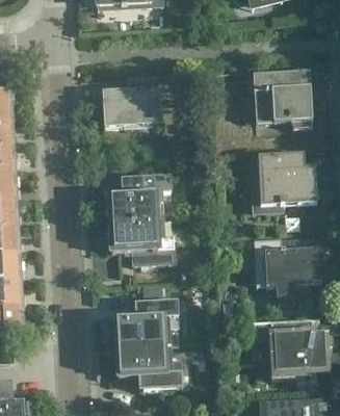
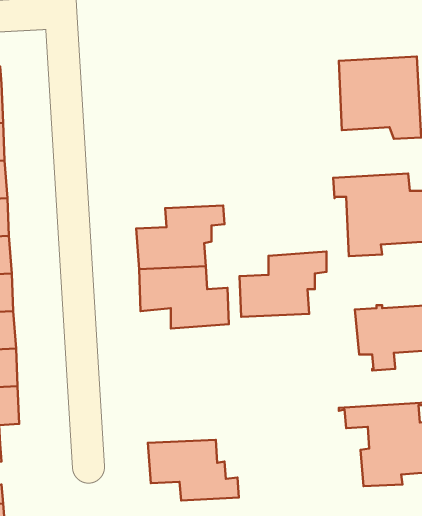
building: [102,75,161,129] -> none
building: [114,302,177,348] -> [240,252,326,317]

